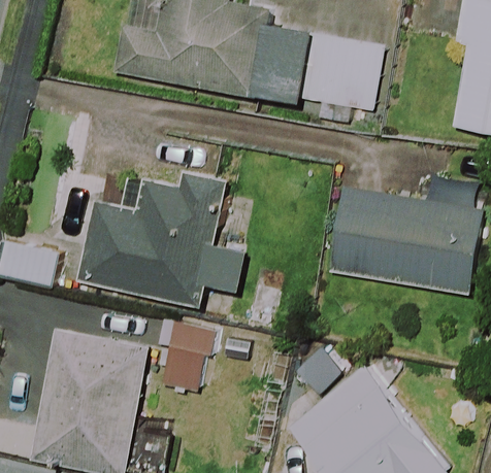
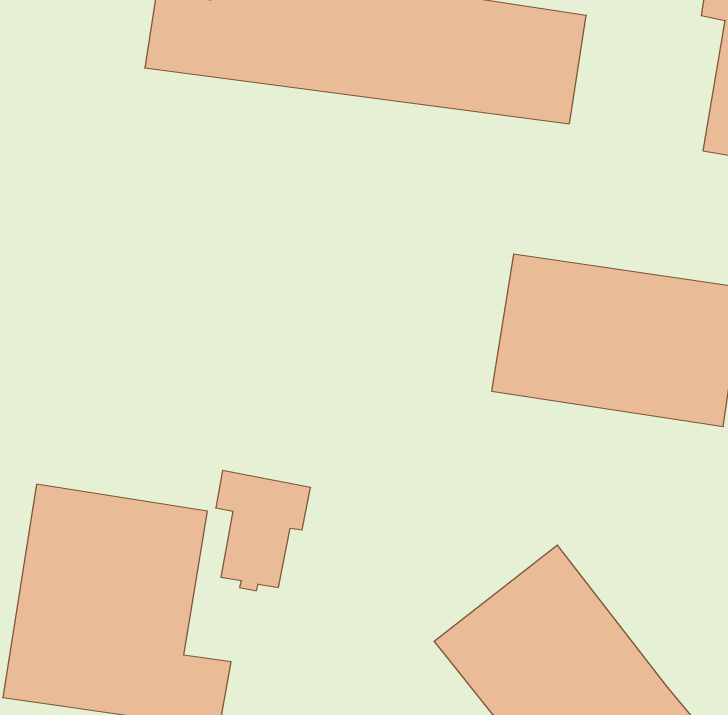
building: [74,170,249,307] -> none

